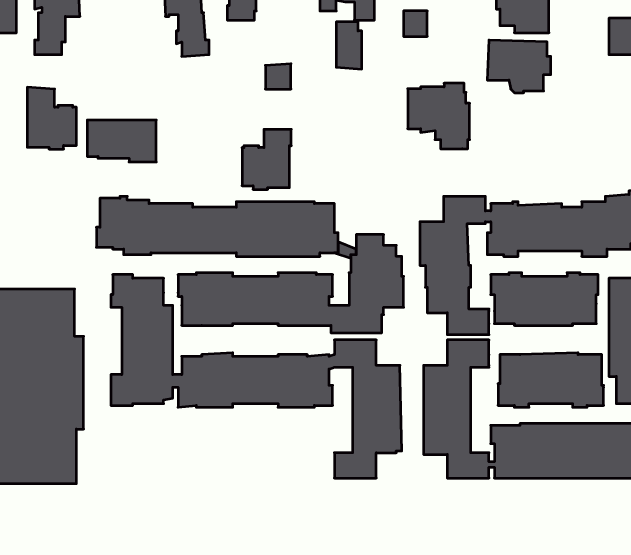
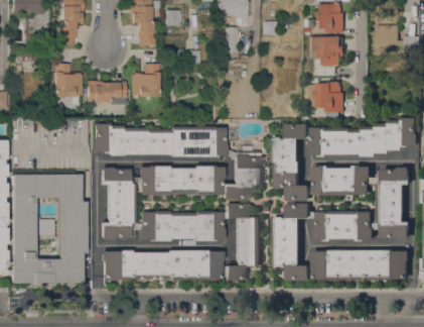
building: [408,83,470,149] -> [309,82,343,118]
building: [242,129,291,189] -> [132,65,159,98]
building: none -> [102,250,223,281]

